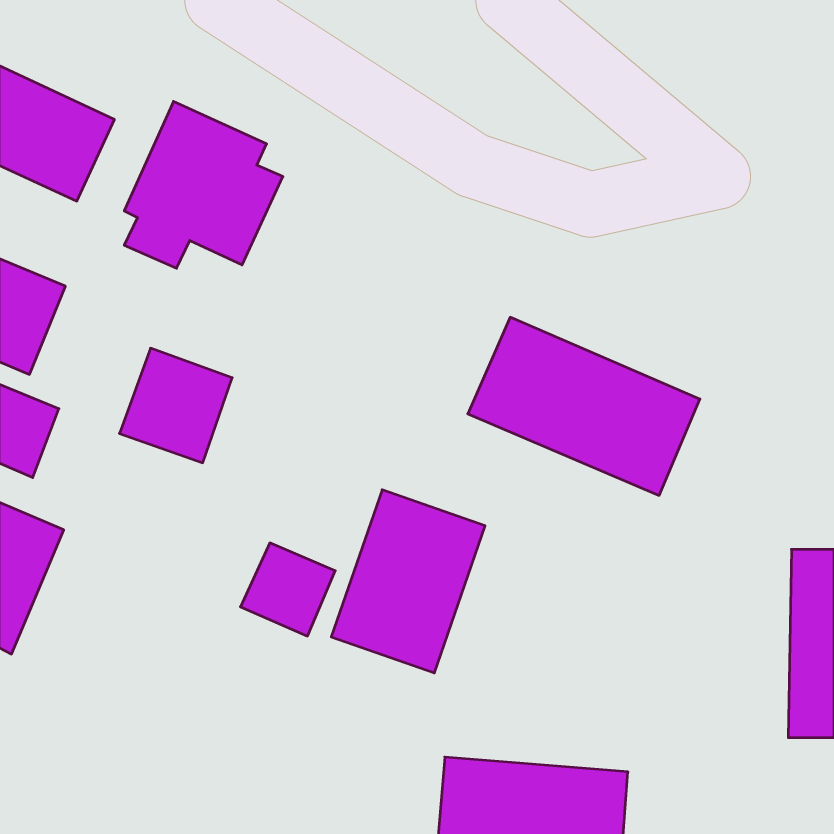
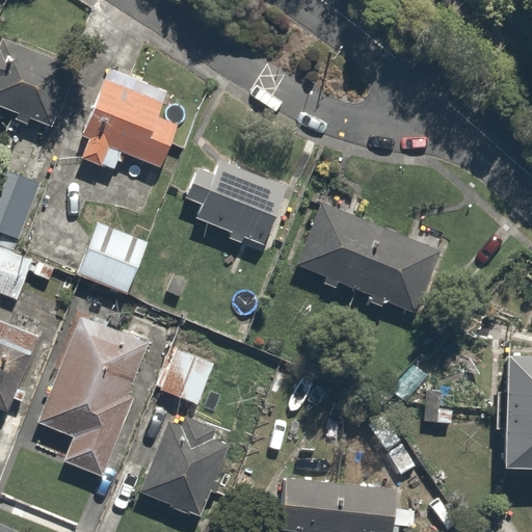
building: none -> [180,162,288,245]
building: [331,490,485,673] -> [135,407,233,524]
building: none -> [37,314,159,480]

